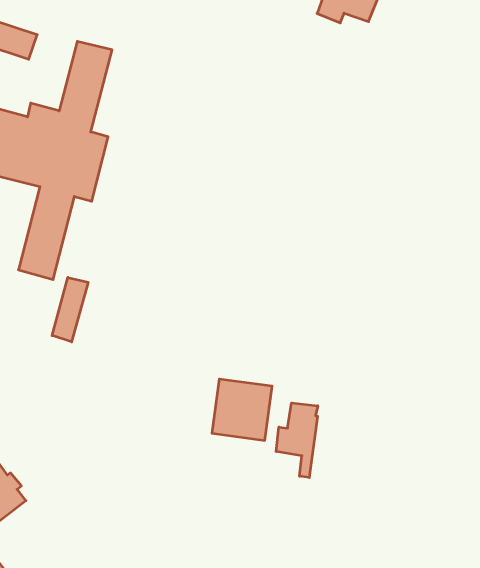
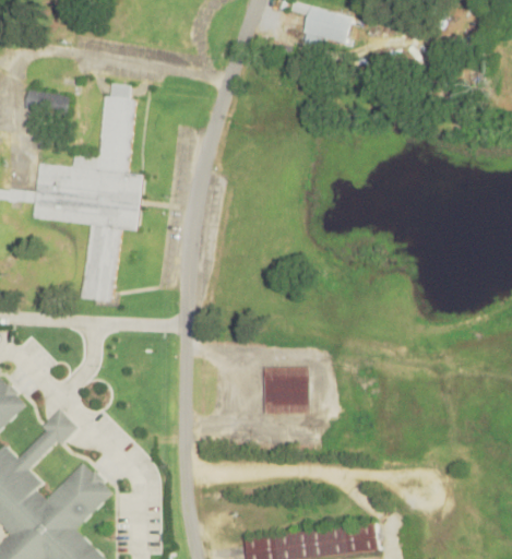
building: [52,277,88,342] -> none
building: [276,403,318,478] -> none

